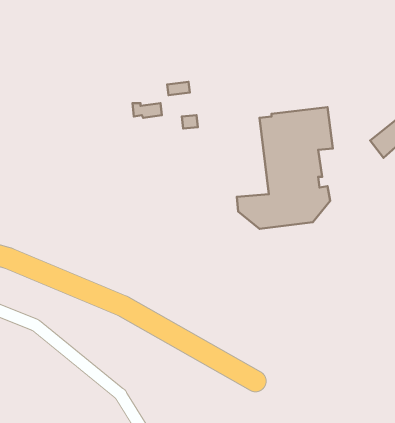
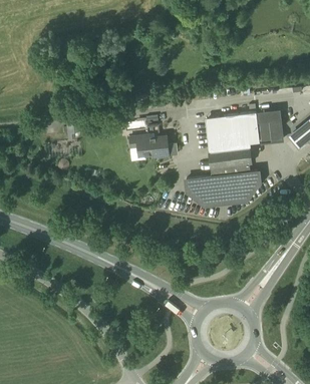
building: none -> [260,118,284,140]
building: none -> [129,133,170,155]

